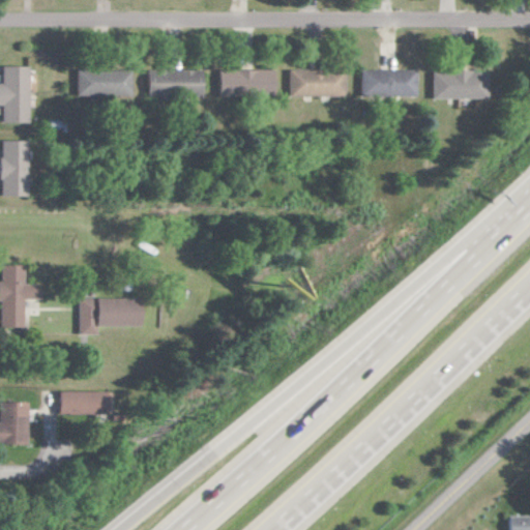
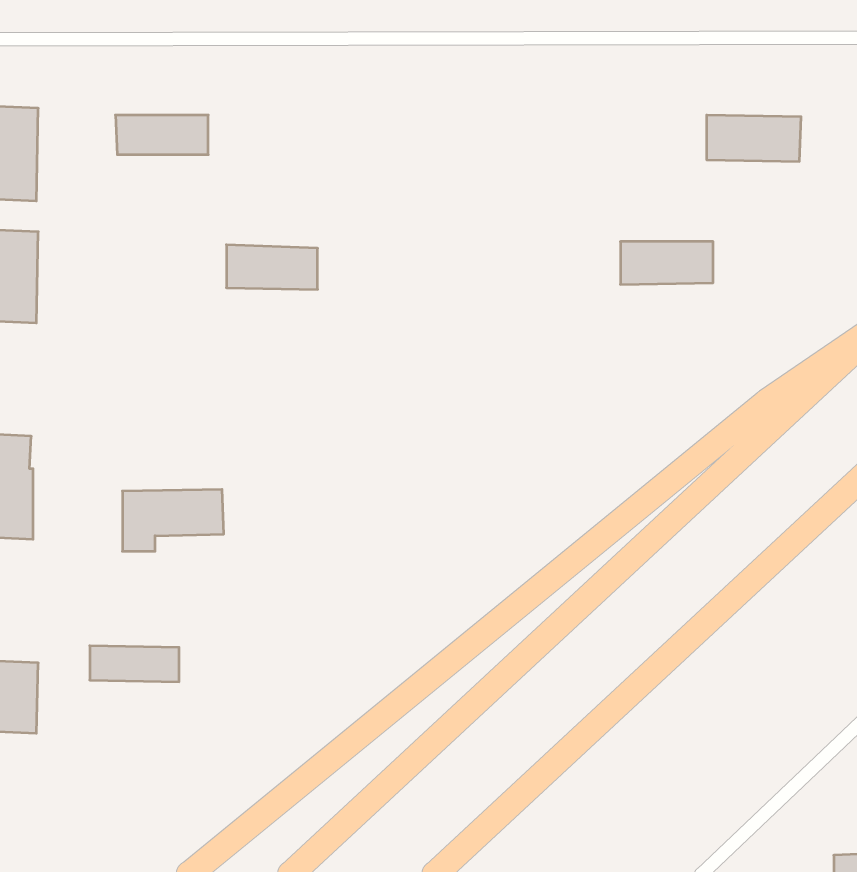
building: [147,69,202,96] -> [226,245,318,289]
building: [218,69,273,96] -> none
building: [288,70,345,96] -> none
building: [360,70,416,96] -> [620,242,713,284]

